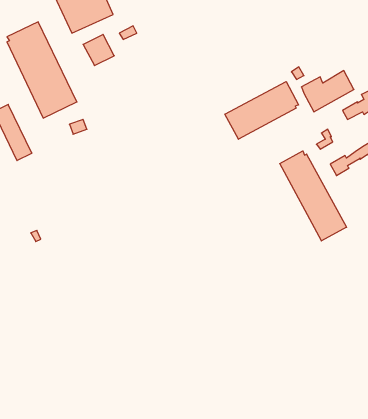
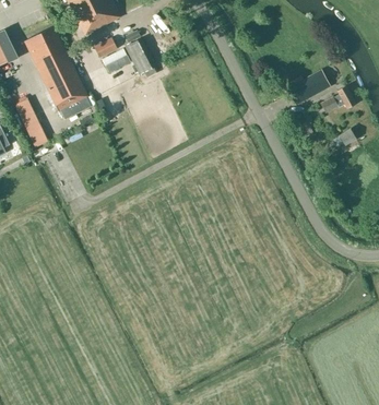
building: none -> [125,38,155,74]
building: [225,82,299,139] -> none
building: [280,151,347,241] -> none

